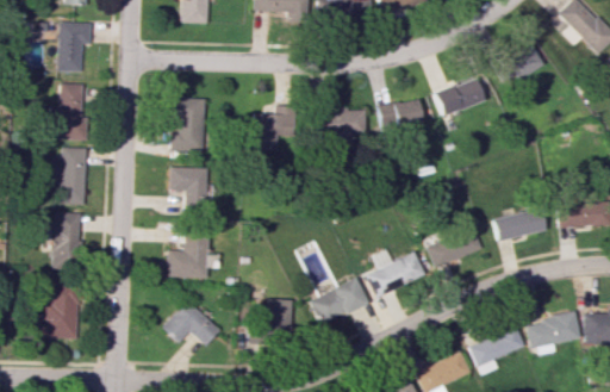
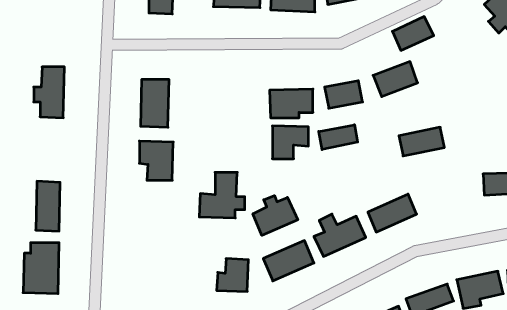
building: [58,21,92,71] -> none
building: [496,46,542,85] -> [392,17,434,50]
building: [254,113,294,150] -> [272,126,308,159]
building: [52,148,86,205] -> none
building: none -> [319,125,358,150]
building: [494,209,546,241] -> [399,127,444,156]
building: [167,226,218,278] -> [199,172,245,218]
building: none -> [253,196,298,235]
building: [163,300,220,347] -> none

